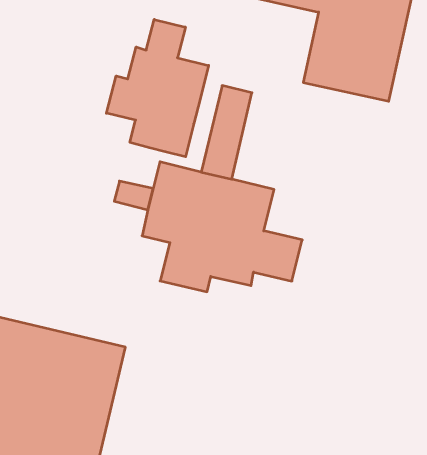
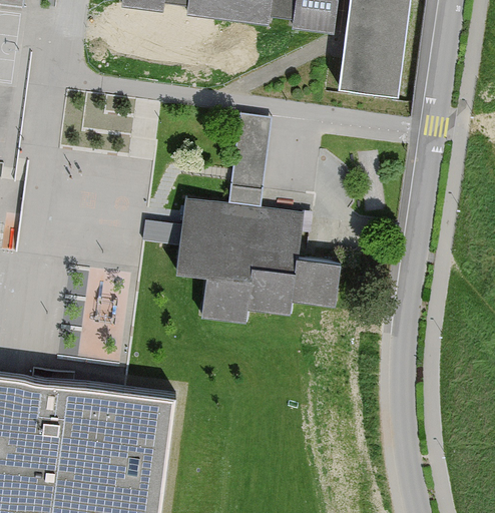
building: [106,19,209,157] -> none

